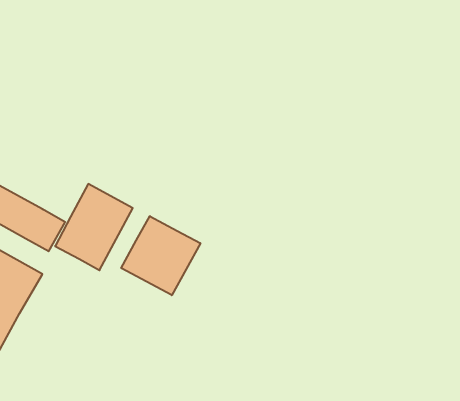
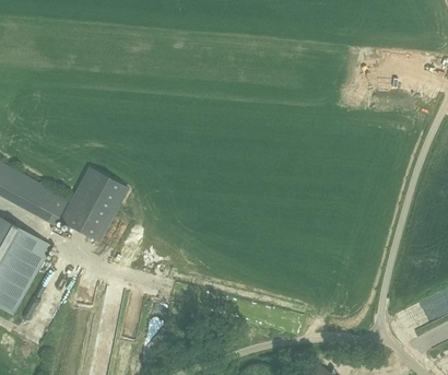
building: [121,216,200,295] -> none

